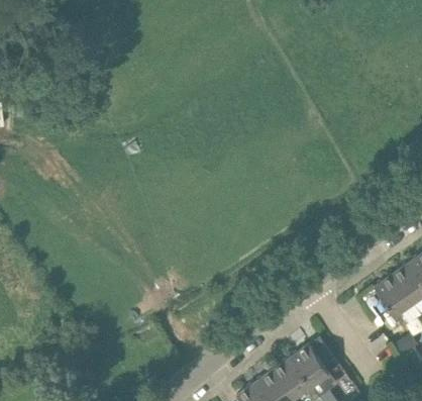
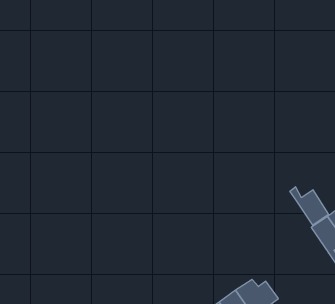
building: none -> [290,187,329,225]

